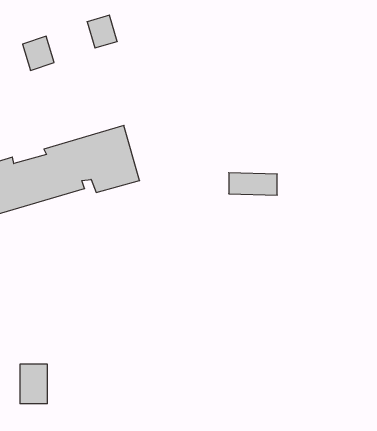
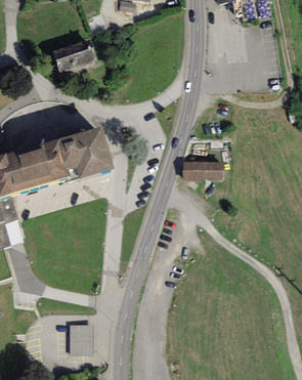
building: [23,36,54,70] -> [53,45,78,72]
building: [20,364,47,404] -> [70,325,91,355]

